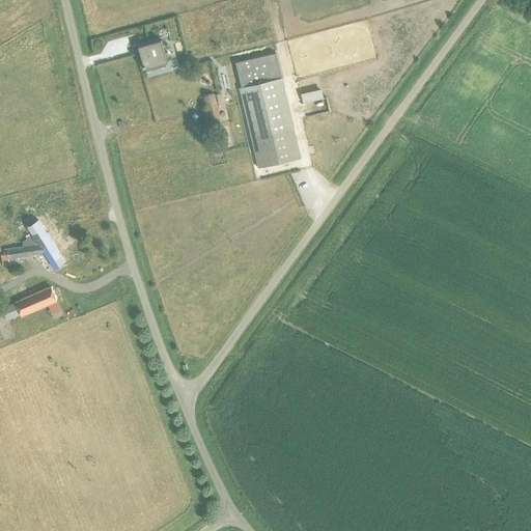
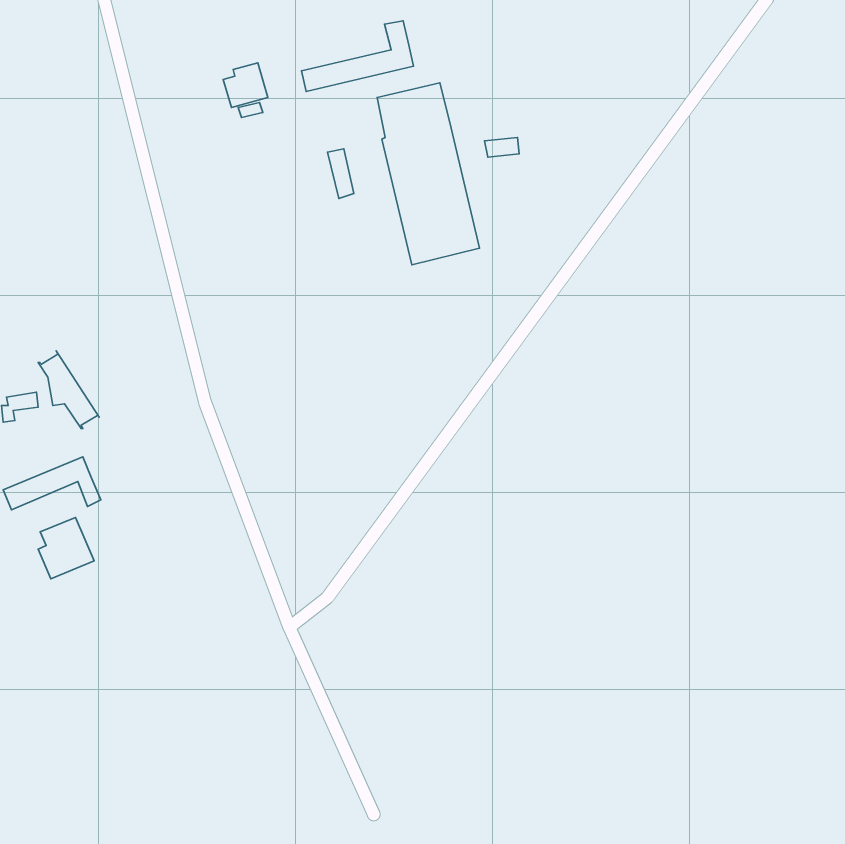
building: none -> [301,21,414,91]
building: none -> [38,517,94,579]

